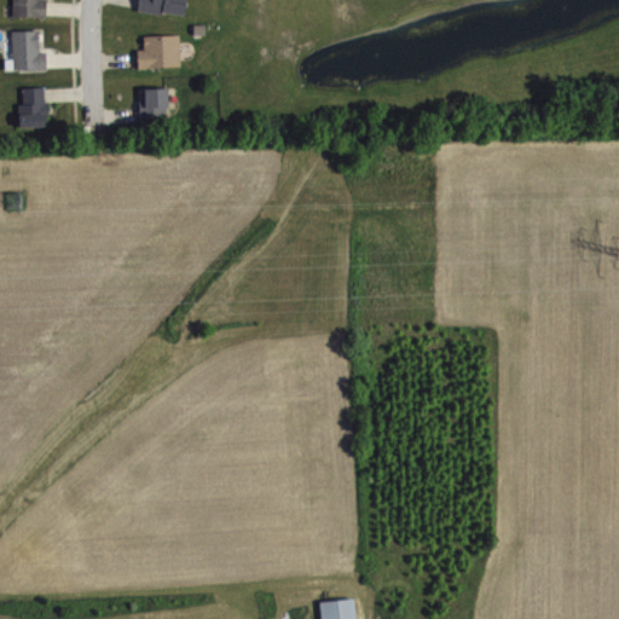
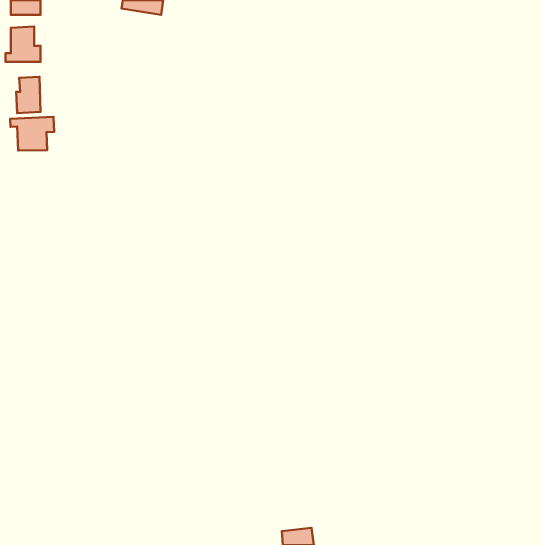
building: [137,35,180,69] -> none
building: [139,88,168,117] -> none
building: none -> [10,117,54,151]

